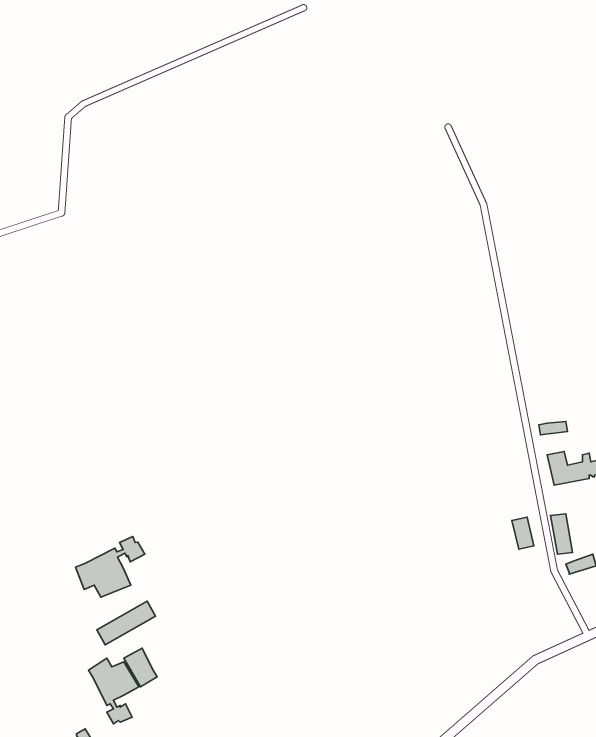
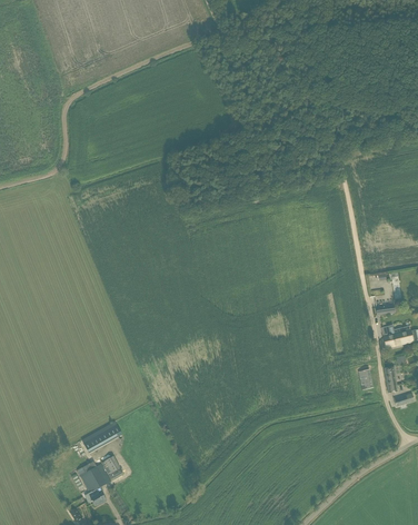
building: [76,536,145,597] -> none

